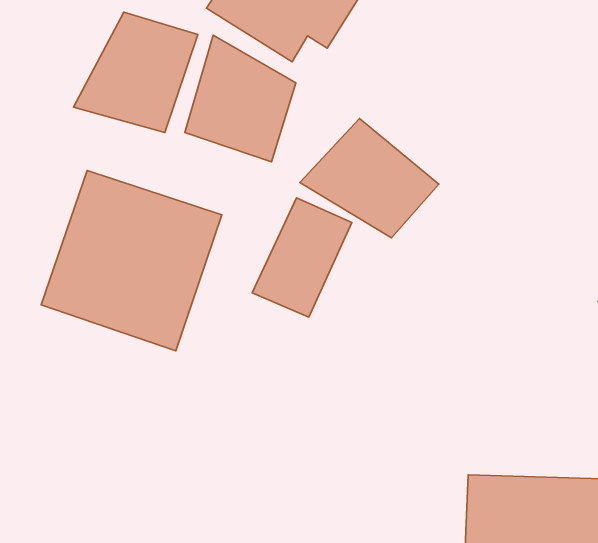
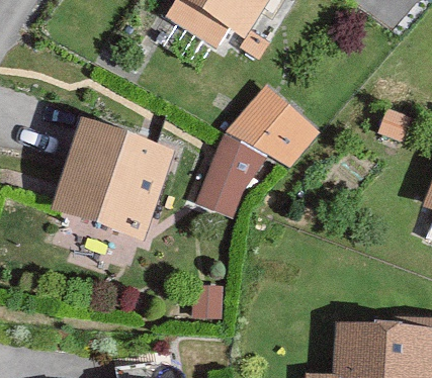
building: [74,12,198,132] -> none
building: [185,35,296,162] -> none

